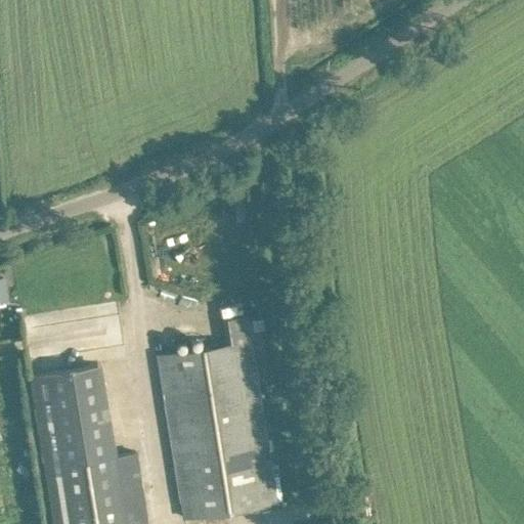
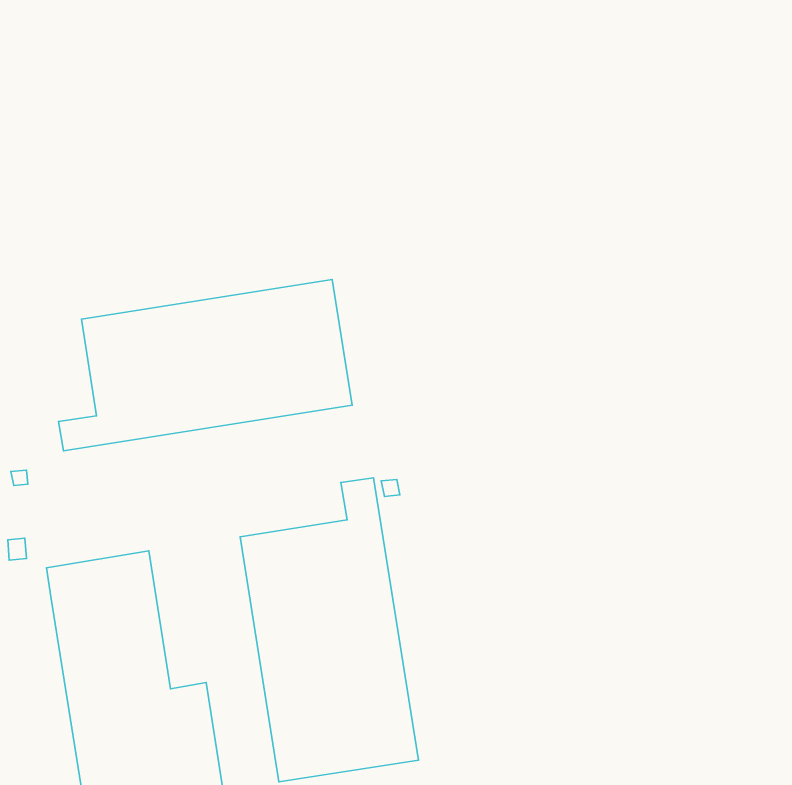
building: none -> [59,279,352,451]

